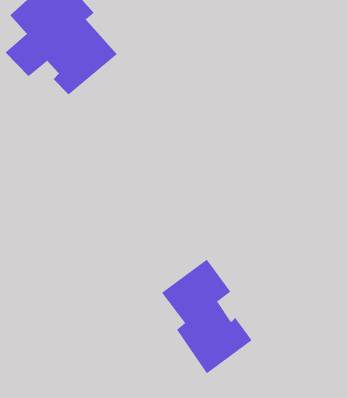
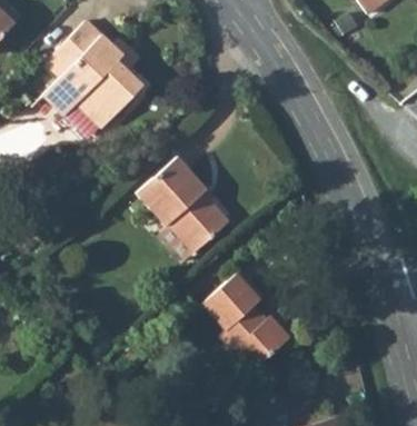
building: none -> [130,153,226,250]

